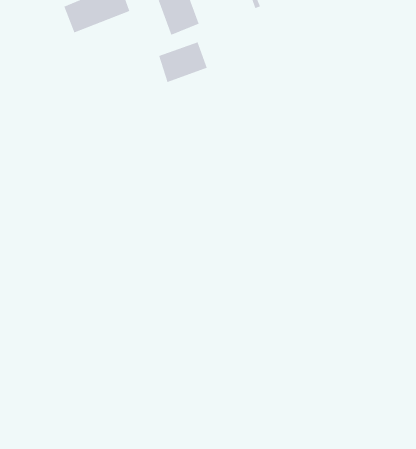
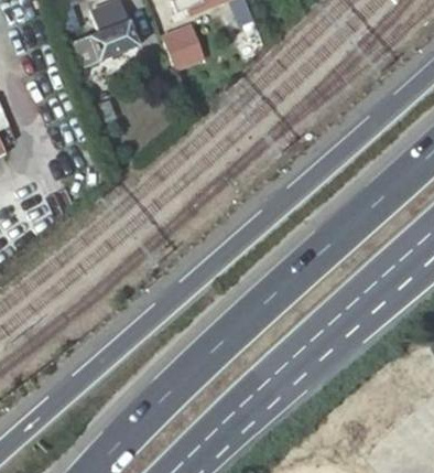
building: [159,41,207,83] -> none

